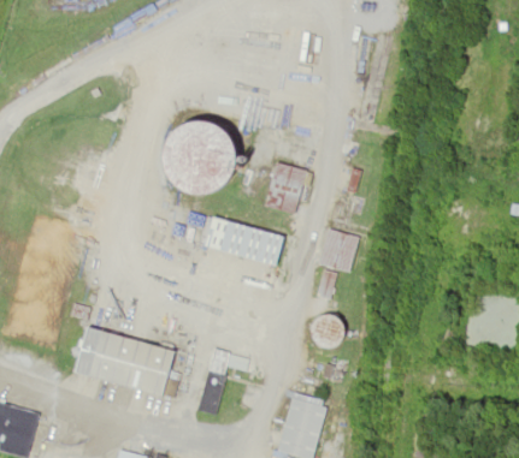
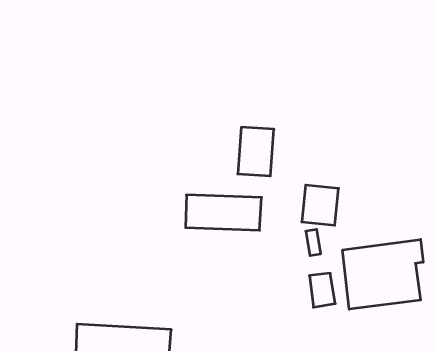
building: [167,120,234,200] -> none
building: none -> [343,239,423,309]

